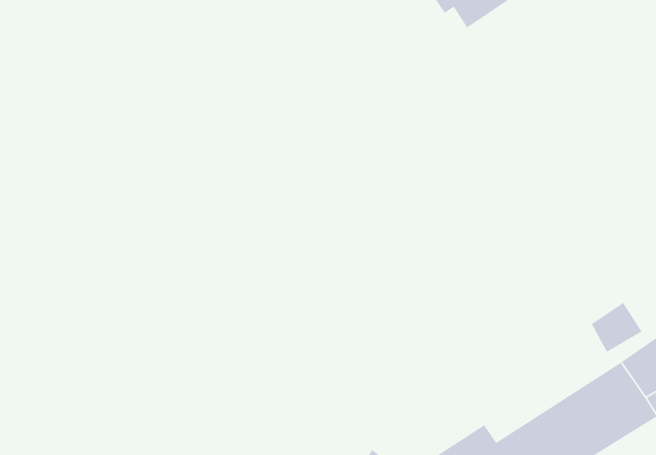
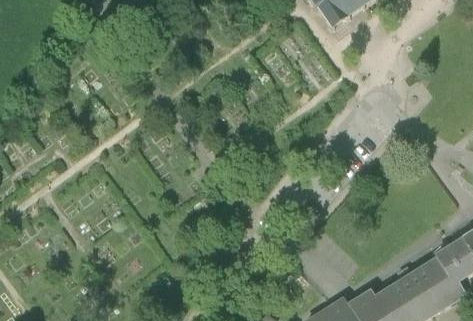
building: [591,302,643,353] -> none

